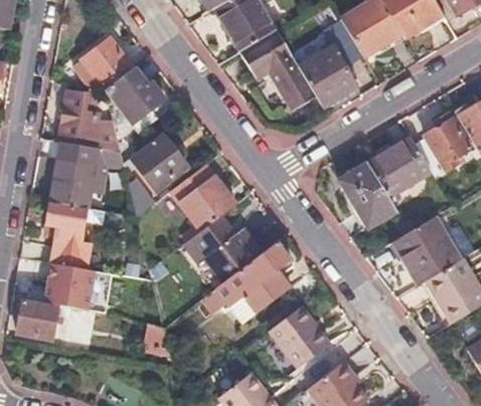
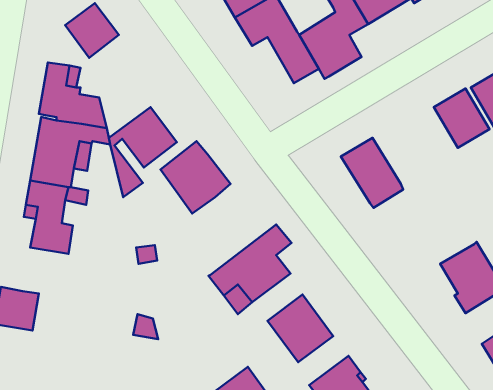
building: [106,67,164,124] -> none
building: [366,136,431,196] -> none
building: [392,215,460,283] -> none
building: [177,216,278,287] -> none
building: [44,262,96,310] -> none

